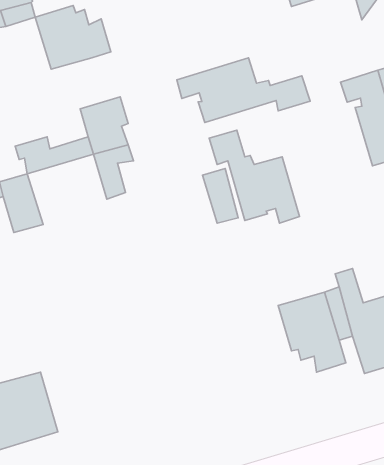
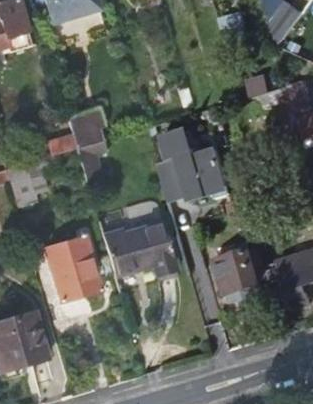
building: [35,6,111,69] -> none
building: [177,58,310,123] -> none
building: none -> [101,216,177,279]
building: none -> [45,236,101,302]

